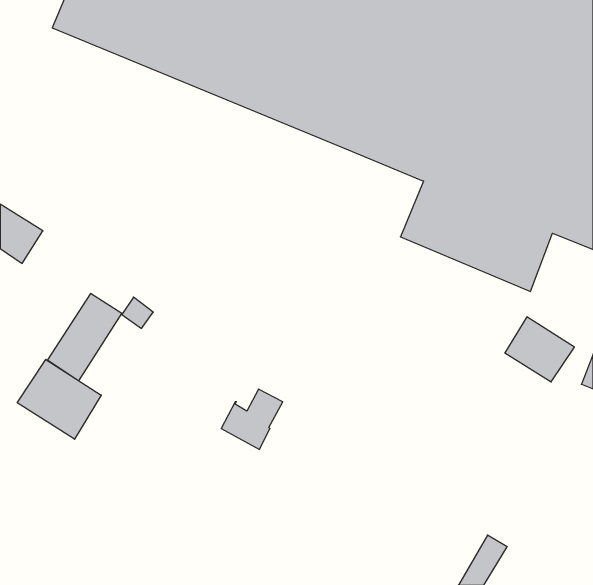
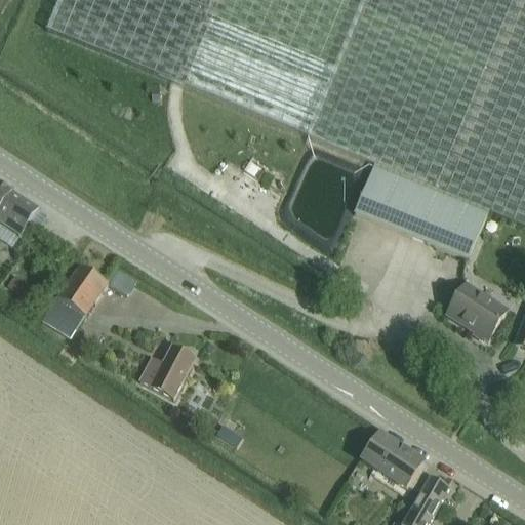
building: [17,359,101,439] -> none
building: [221,389,283,449] -> [139,342,194,396]
building: none -> [361,429,423,486]

